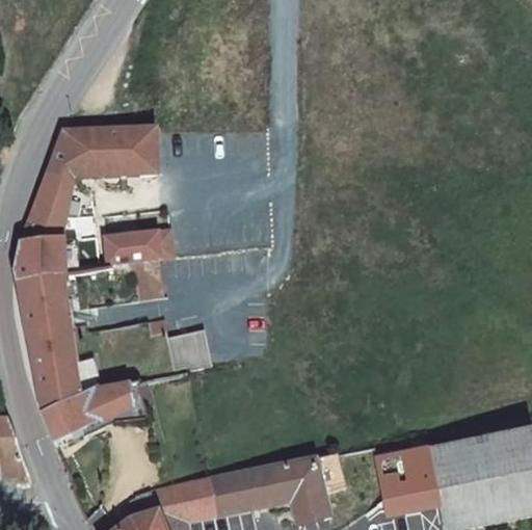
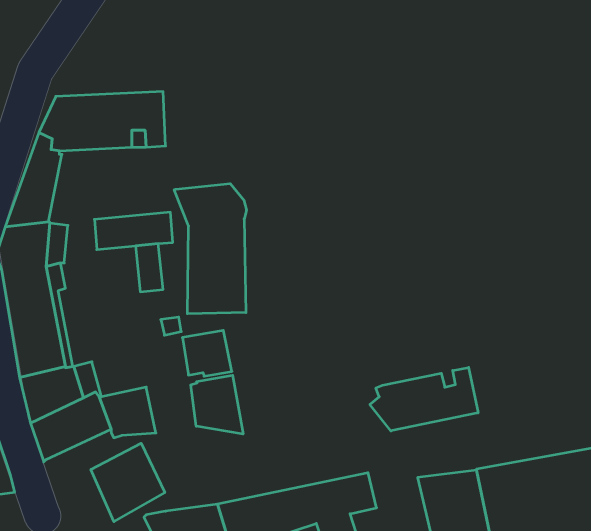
building: none -> [174,184,246,314]
building: none -> [370,367,478,431]
building: none -> [191,375,243,434]
building: none -> [91,443,165,522]

